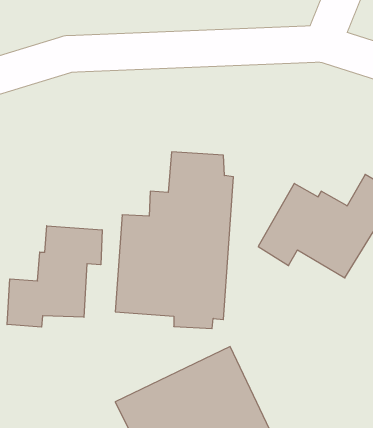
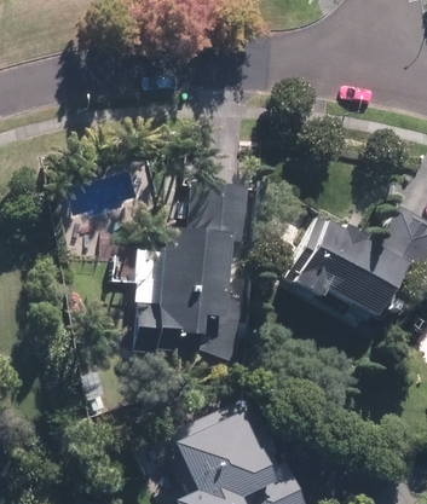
building: [7,226,102,327] -> none

